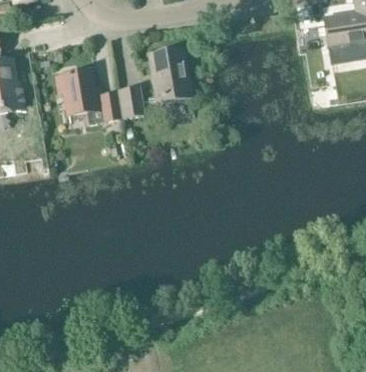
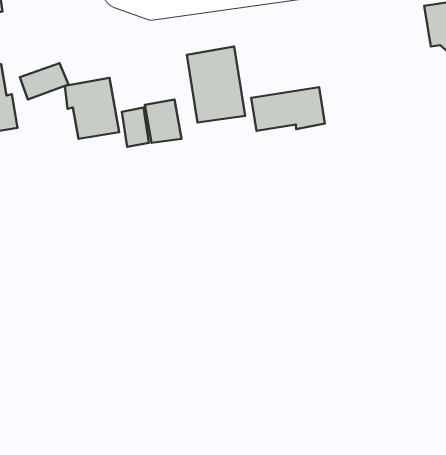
building: none -> [20,63,69,99]
building: none -> [251,87,325,131]

